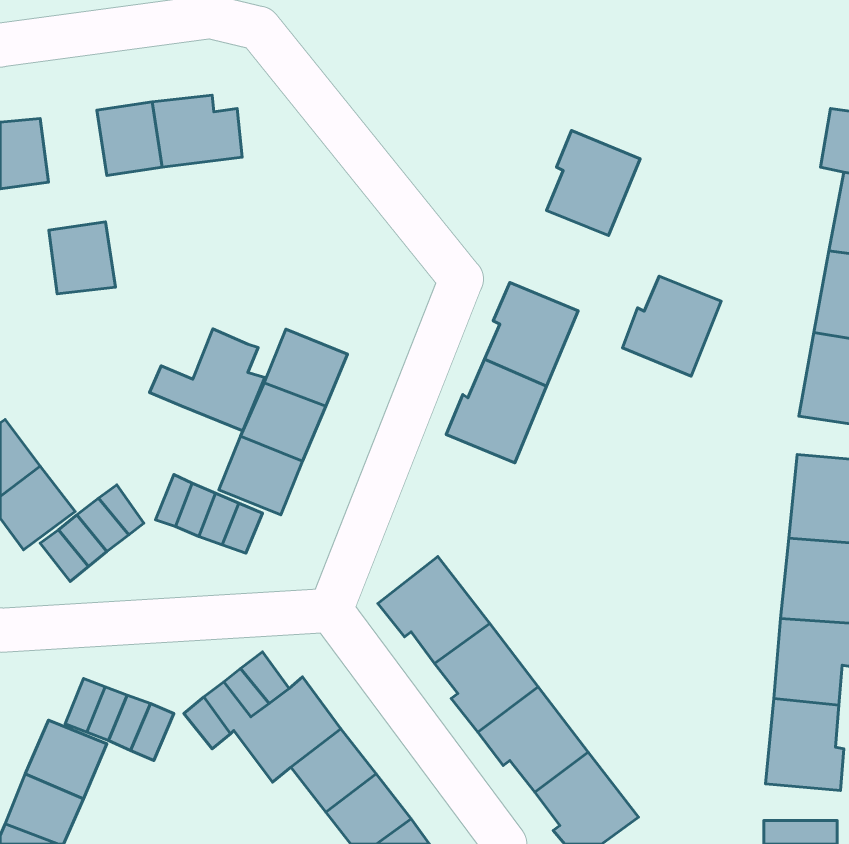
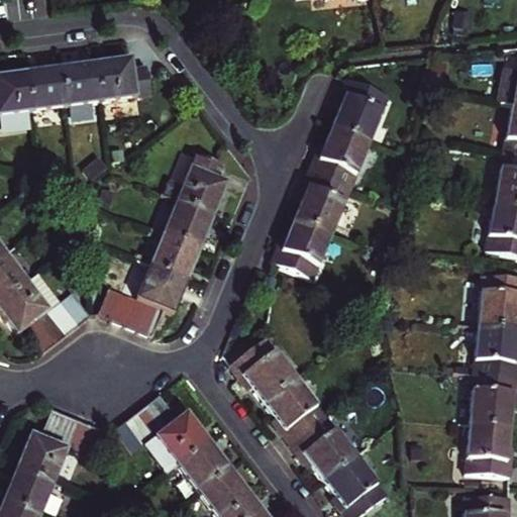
building: [49,222,116,294] -> [27,67,68,110]
building: [623,276,721,376] -> [311,127,371,188]
building: [149,329,265,431] -> [157,152,226,214]

